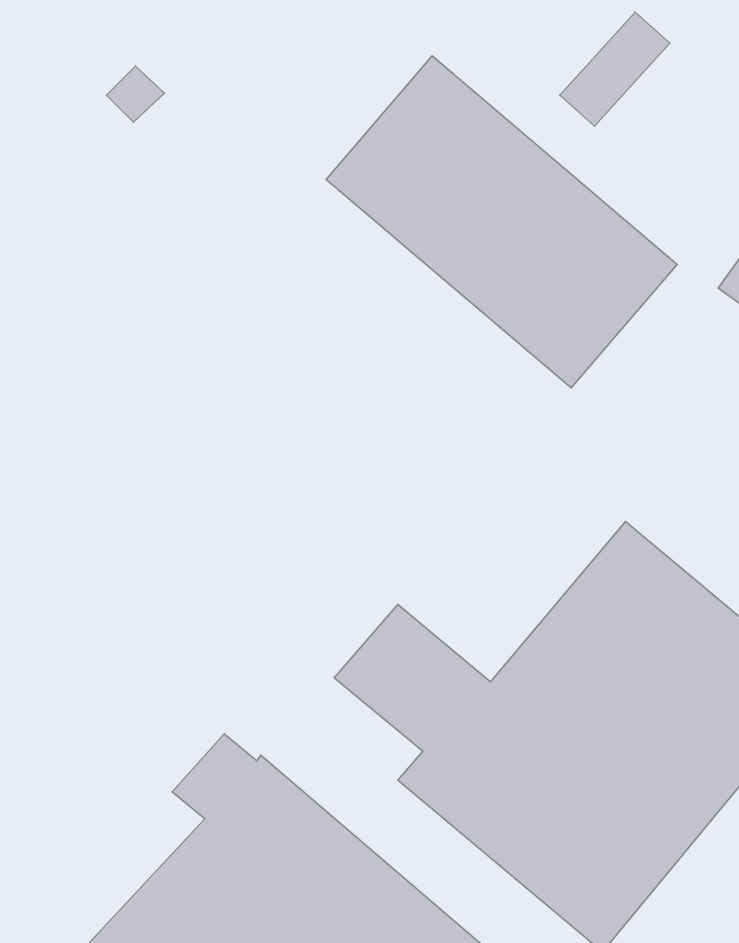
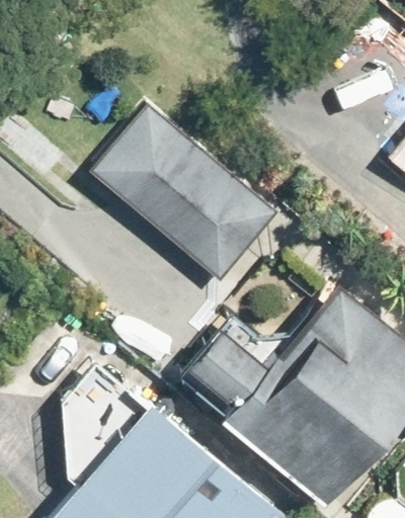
building: [326,56,677,388] -> [91,106,275,280]

